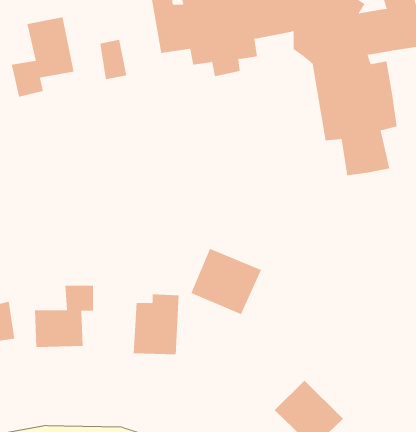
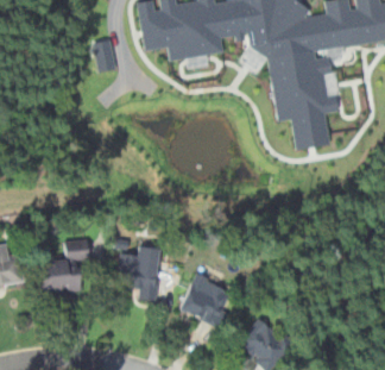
building: [11,17,74,98] -> none
building: [191,248,262,315] -> [179,274,238,328]

